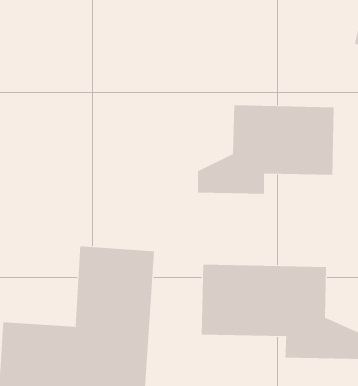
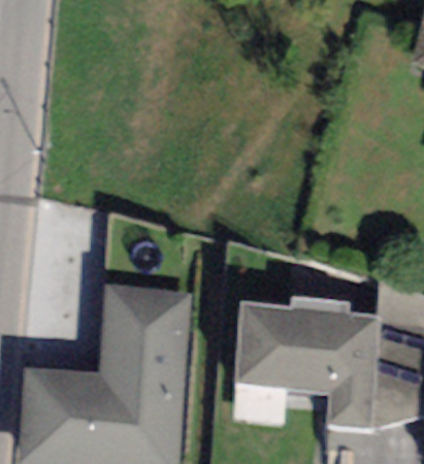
building: [197,104,334,195] -> none

